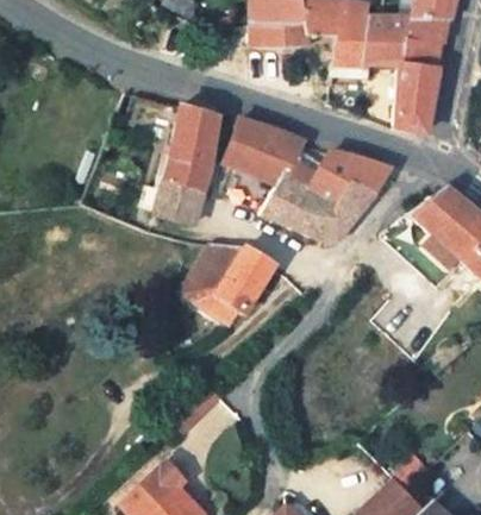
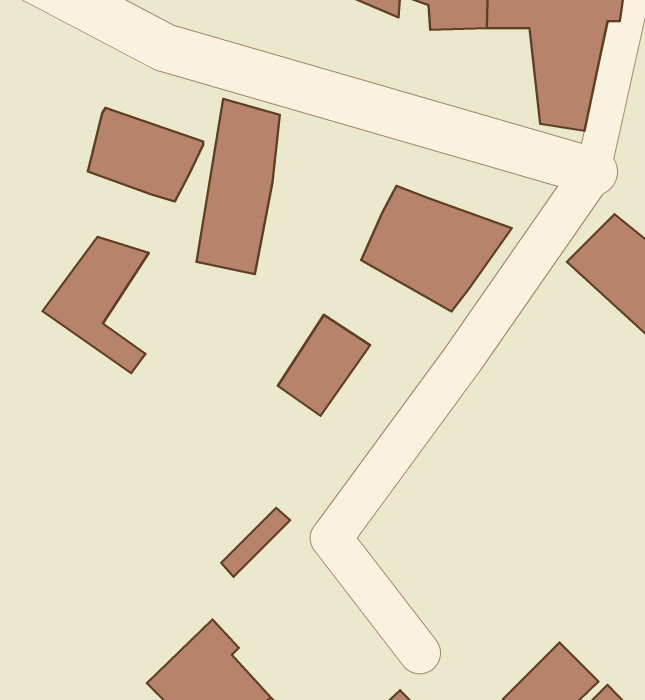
building: [227,120,305,183] -> [88,108,203,202]
building: [317,150,386,194] -> none
building: [175,241,246,333] -> [43,237,149,373]

